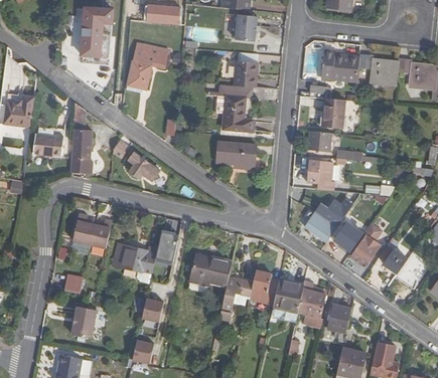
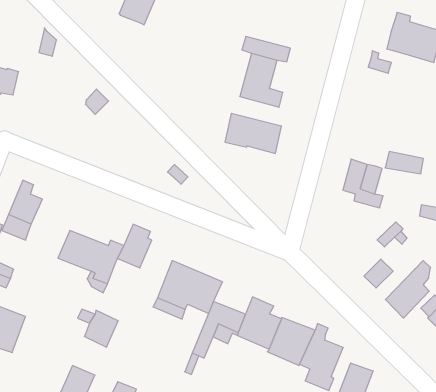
building: [234,59,258,86] -> none
building: [322,98,344,127] -> none
building: [71,128,96,174] -> none
building: [308,130,330,151] -> none
building: [128,151,161,181] -> none
building: [305,211,339,241] -> none
building: [90,218,112,246] -> none

